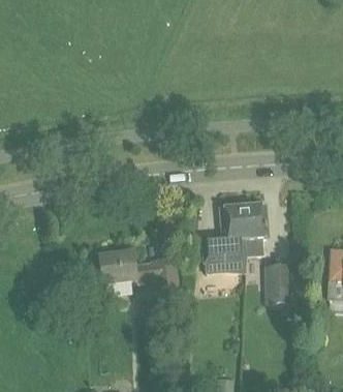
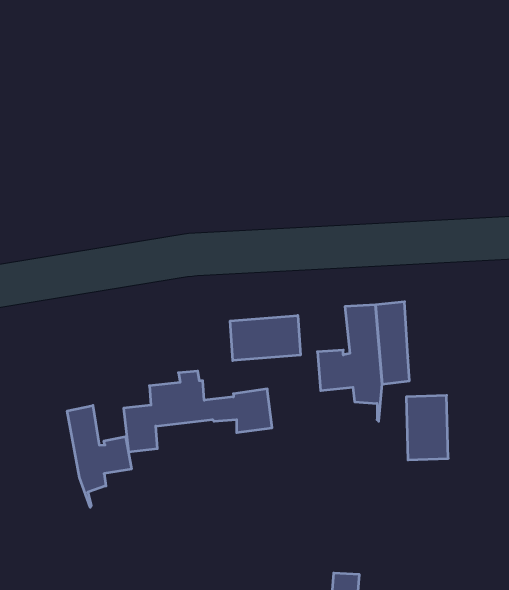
building: none -> [230,315,300,361]
building: none -> [67,405,131,507]

